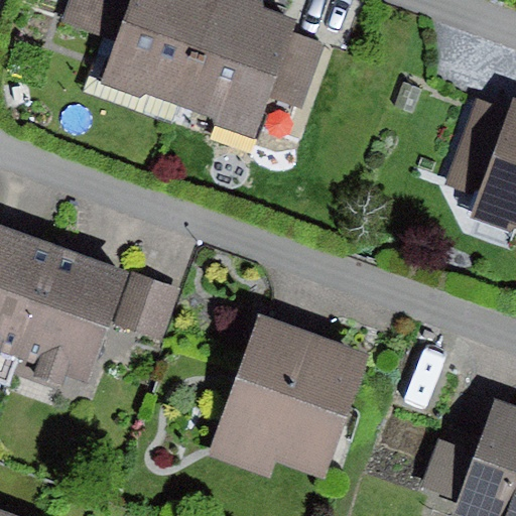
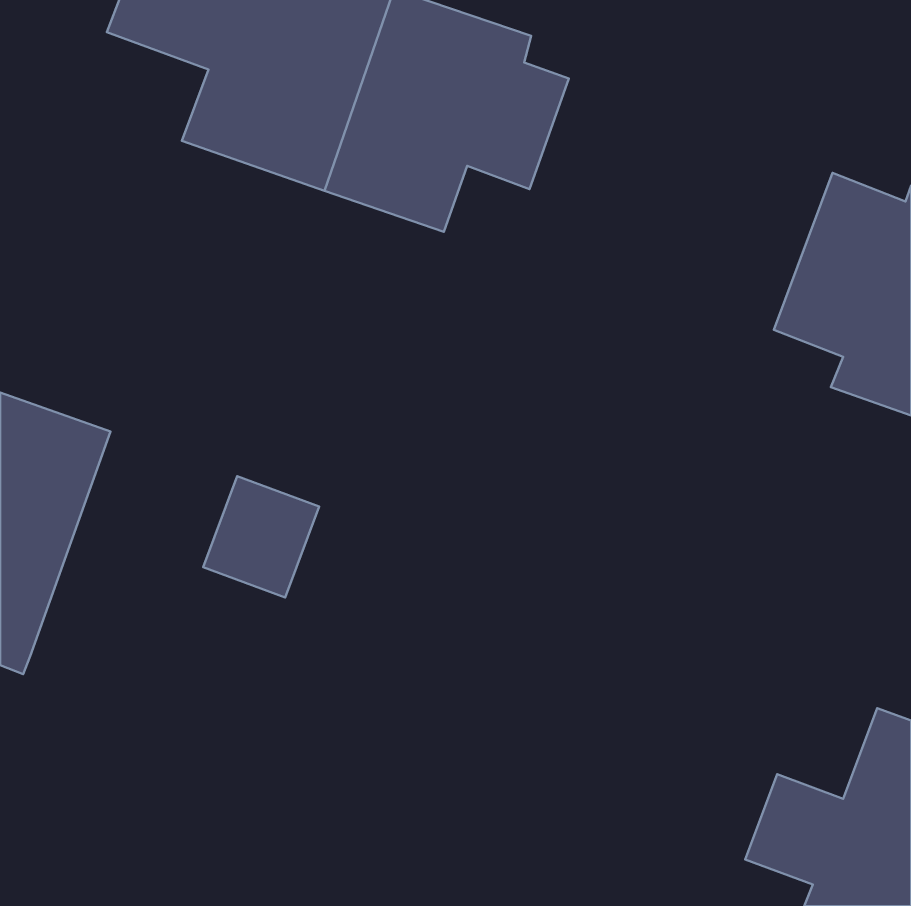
building: [17,244,130,398] -> none
building: [207,315,371,481] -> none

